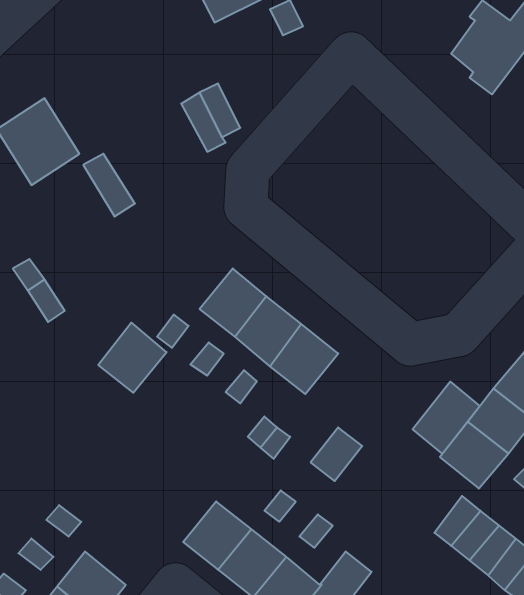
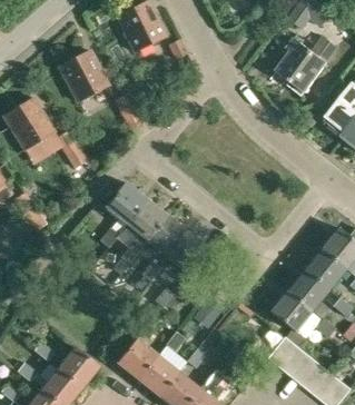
building: none -> [59,49,115,113]
building: [98,323,167,393] -> [105,181,146,224]
building: [413,382,480,454] -> none
building: none -> [57,347,99,389]

